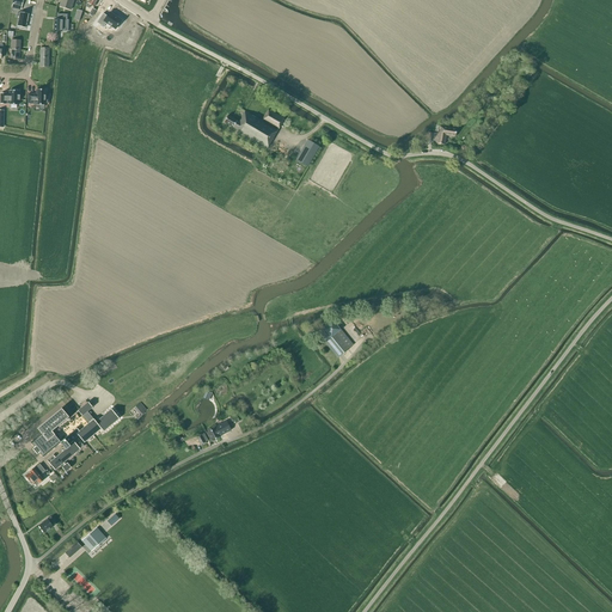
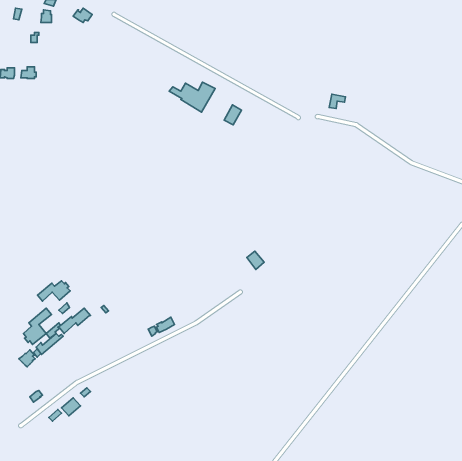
building: none -> [38,281,70,301]

